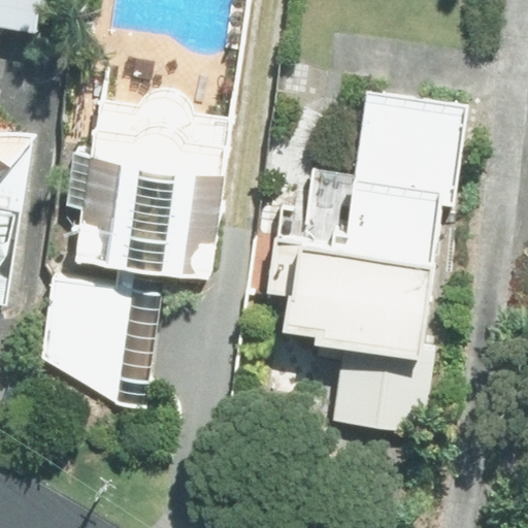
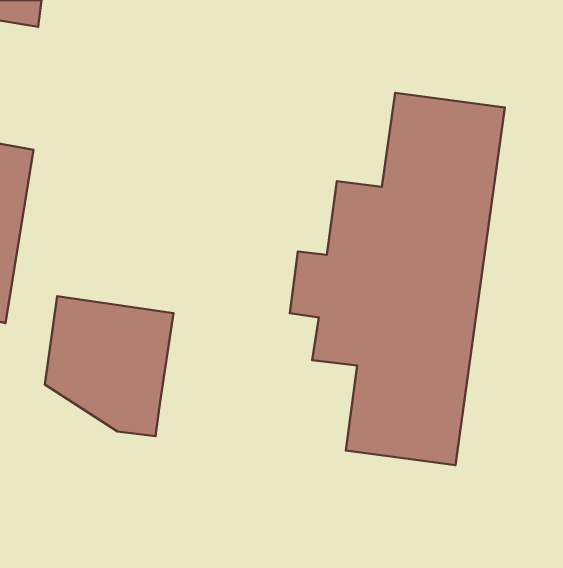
building: [63,101,231,270] -> none

